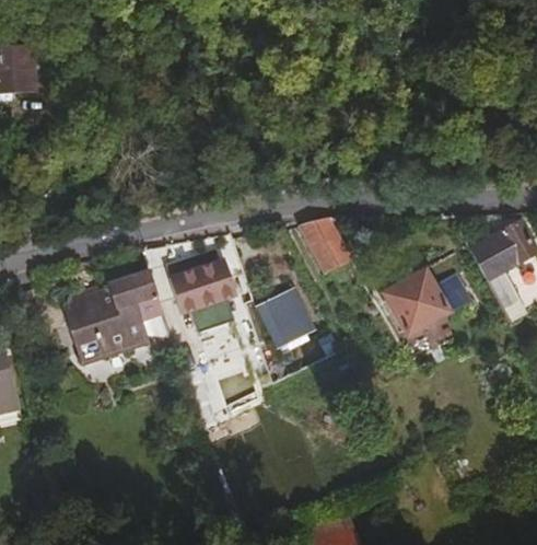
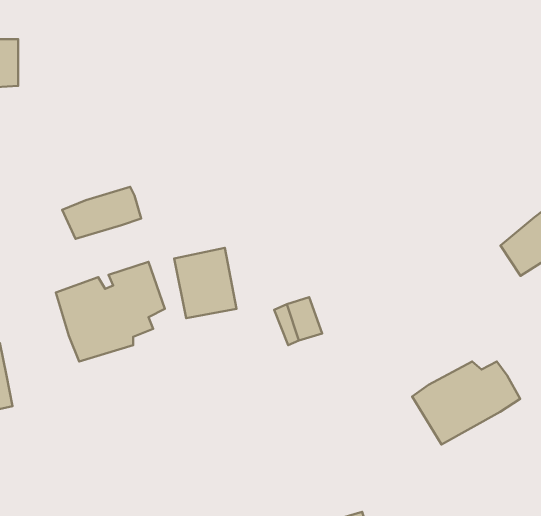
building: none -> [62,187,141,239]
building: [300,220,353,276] -> none
building: [373,265,474,343] -> [412,361,520,445]

